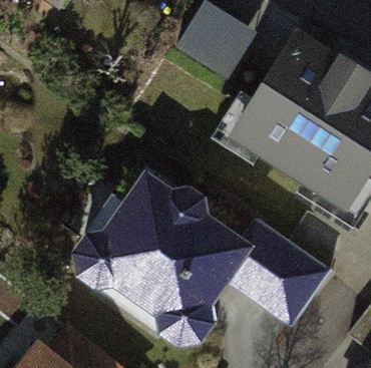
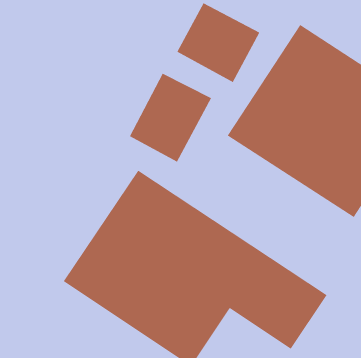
building: none -> [129,73,212,162]

